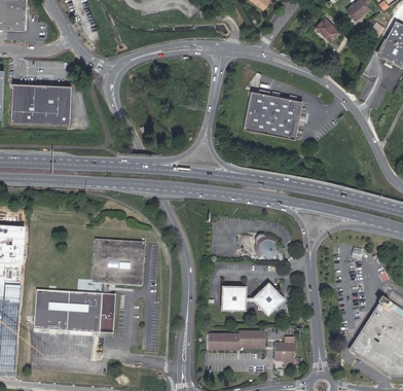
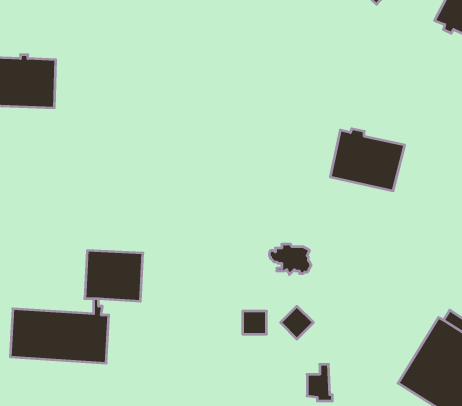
building: [241,90,301,140] -> [330,129,405,191]
building: [209,331,264,350] -> none

